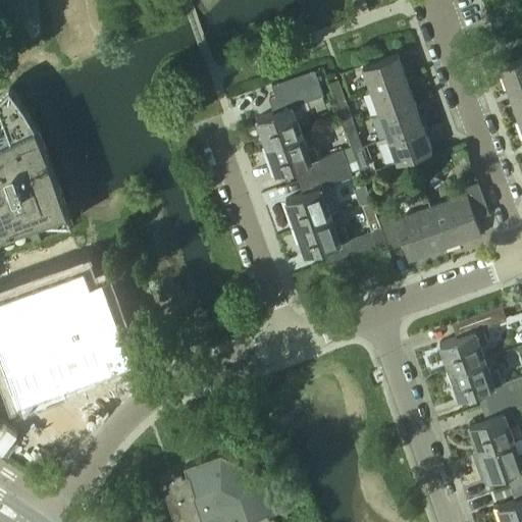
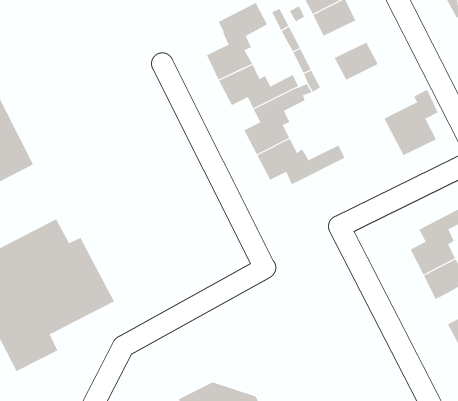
building: [378,107,422,143] -> none
building: [377,211,445,265] -> none

